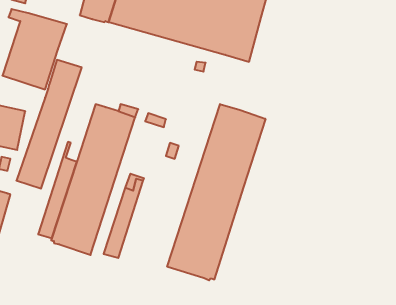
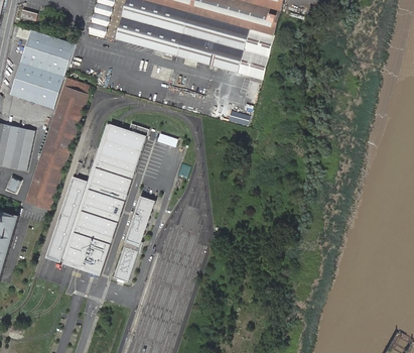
building: [167,104,265,280] -> none

